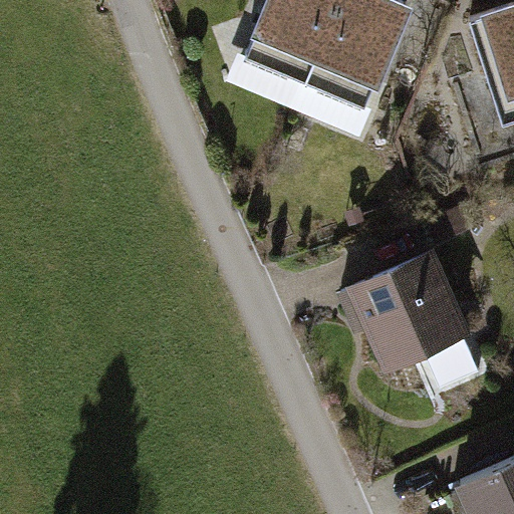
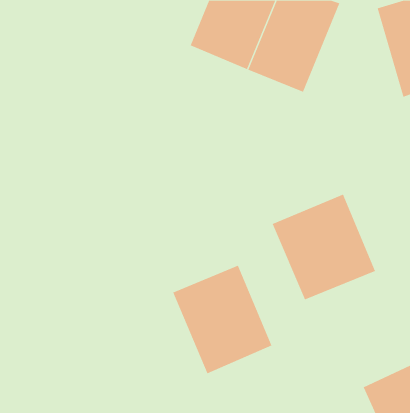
building: none -> [173,265,272,374]

